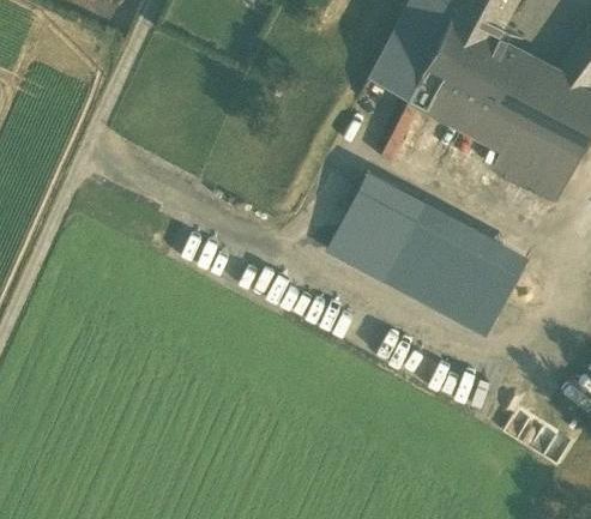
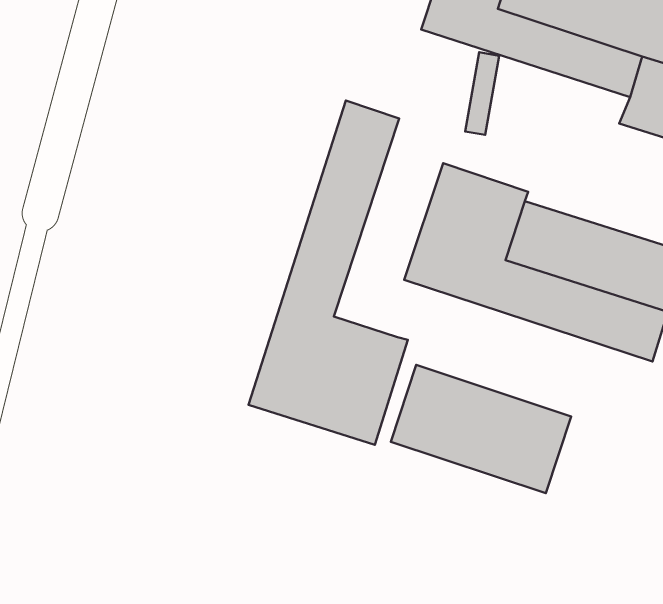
building: none -> [249,100,408,445]
building: none -> [391,365,571,493]

